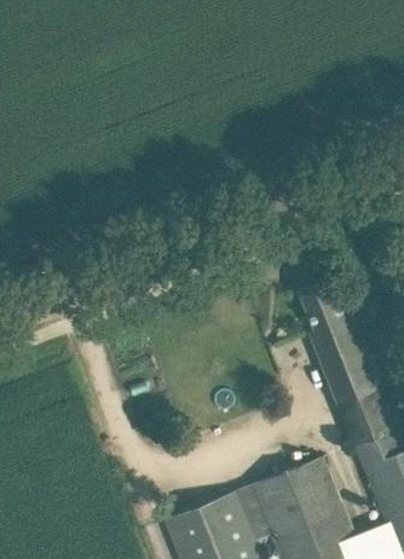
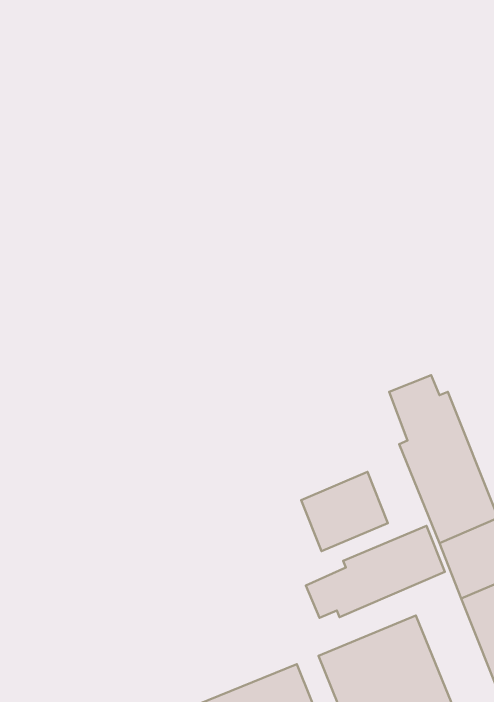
building: none -> [301,472,388,551]
building: none -> [306,526,445,618]

